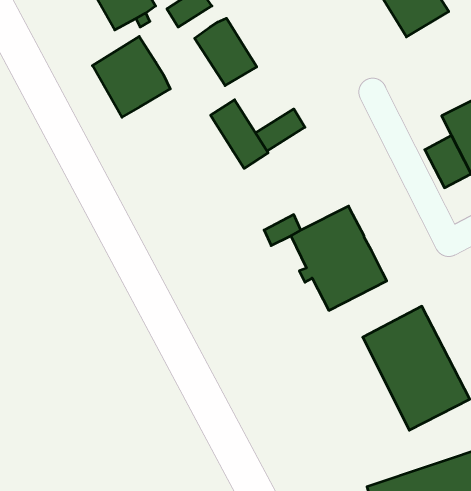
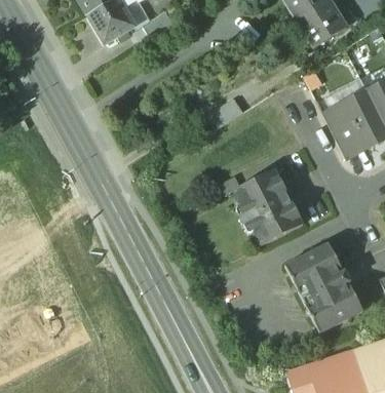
building: [195,18,257,86] -> none
building: [92,36,170,117] -> none
building: [211,100,268,168] -> none

